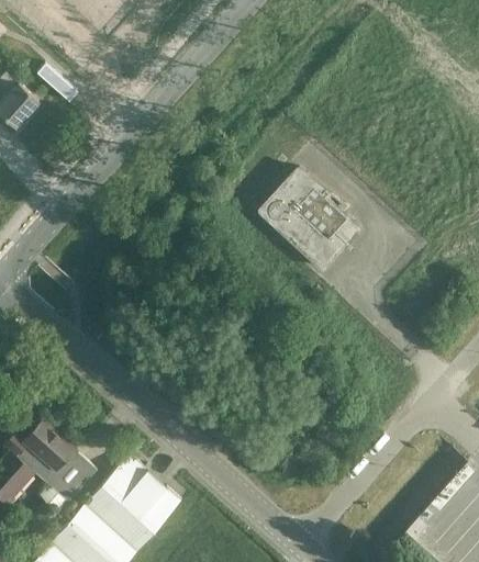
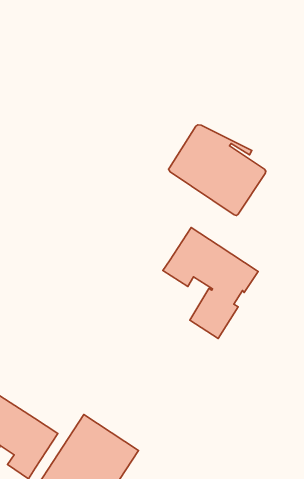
building: none -> [163,228,258,339]

